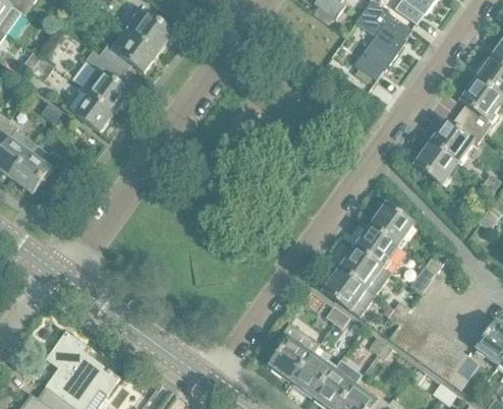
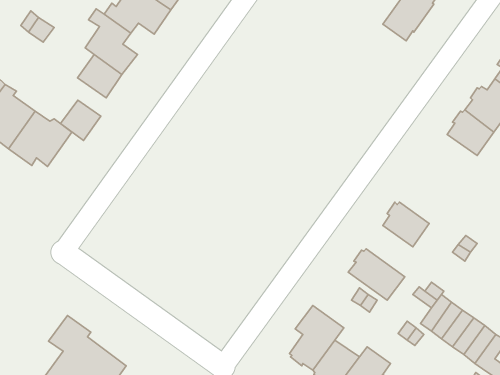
building: none -> [60,100,101,141]
building: [370,205,412,246] -> none
building: [339,248,390,295] -> none

